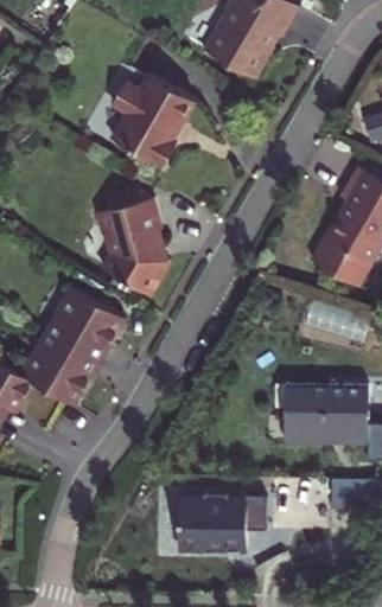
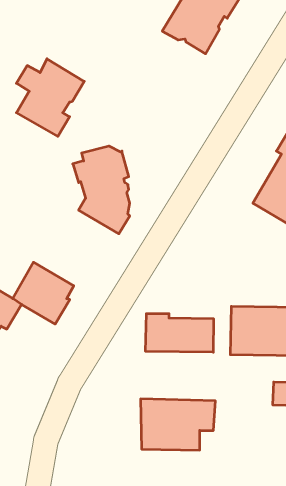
building: [112,74,193,167] -> [16,59,84,136]
building: [46,287,123,359] -> none
building: none -> [146,314,213,352]

